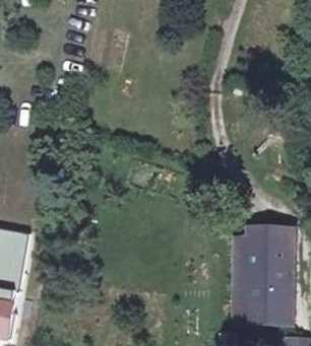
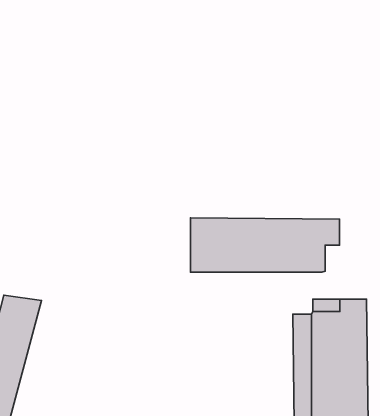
building: none -> [190,218,340,272]

